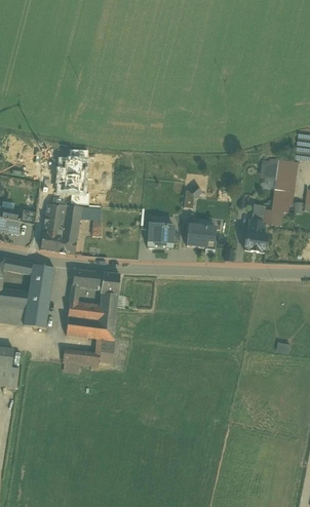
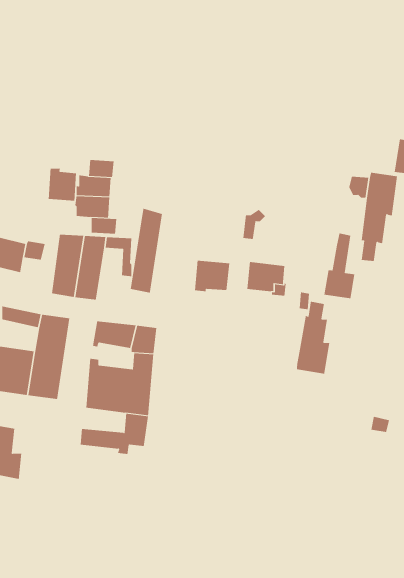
building: none -> [48,168,77,202]
building: none -> [130,208,163,293]
building: none -> [296,301,330,374]

